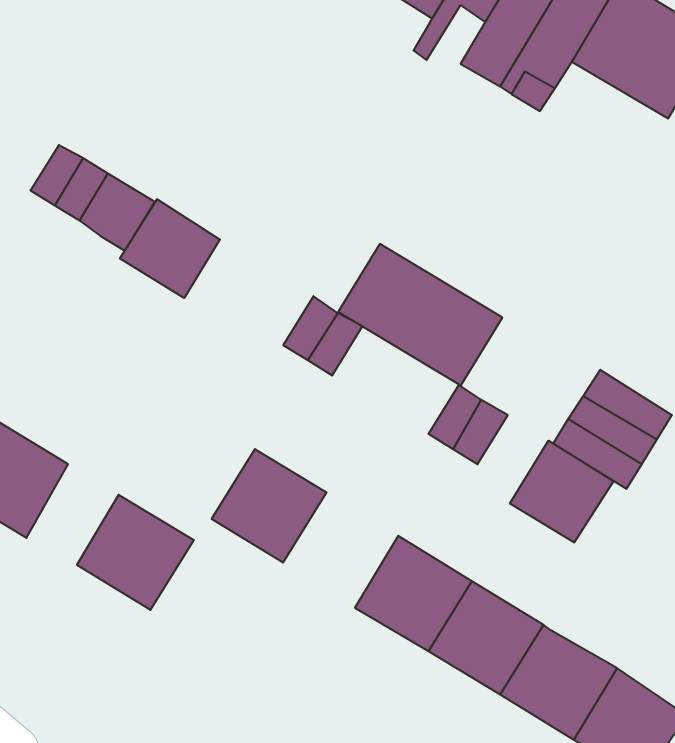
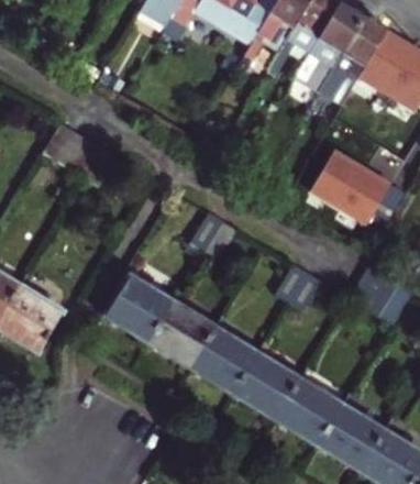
building: [120,199,220,298] -> none
building: [338,244,502,385] -> [295,141,390,223]
building: [510,441,614,543] -> none
building: none -> [190,327,257,394]
building: [77,495,194,610] -> [106,275,174,342]

